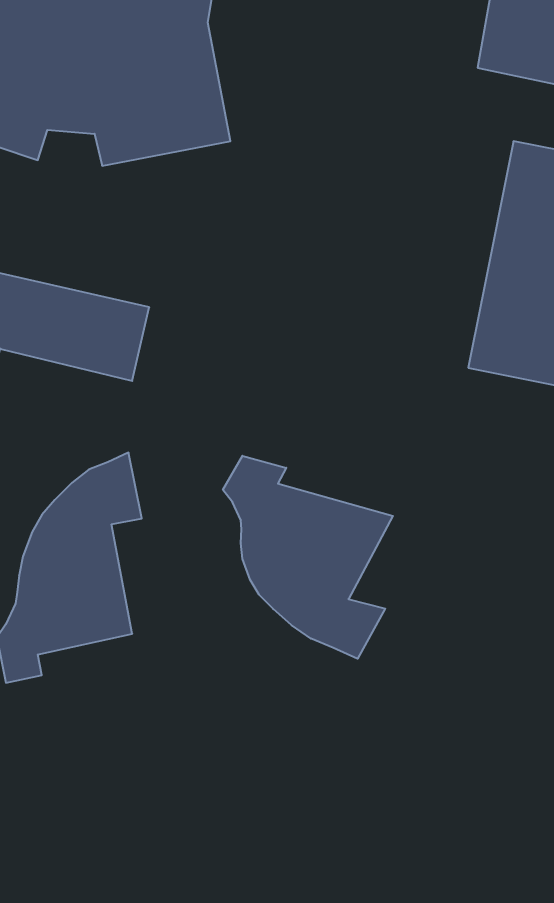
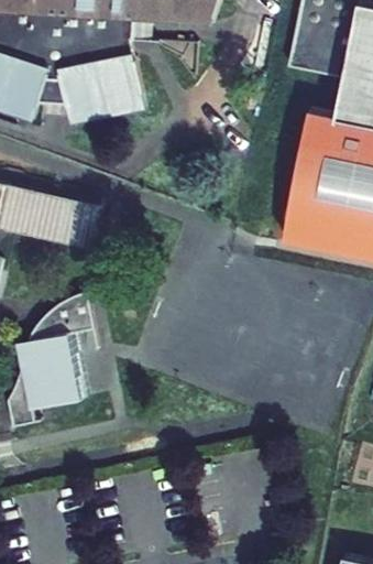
building: [223,456,393,659] -> none

